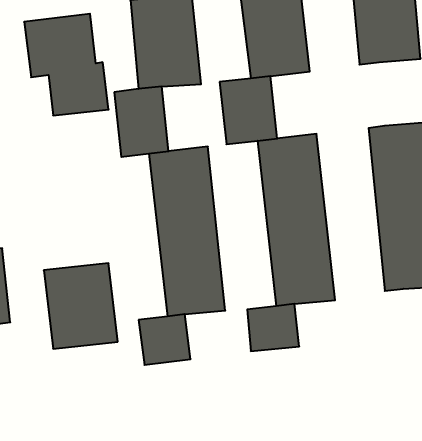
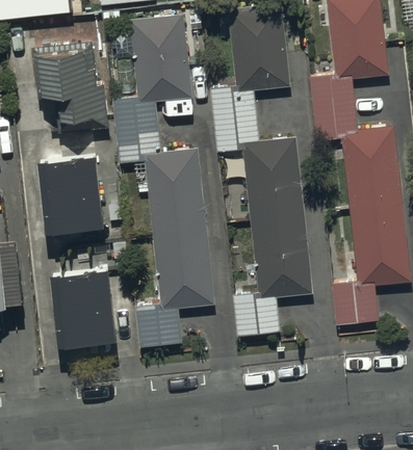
building: none -> [309,78,357,140]
building: none -> [37,144,104,222]
building: none -> [332,282,378,328]

